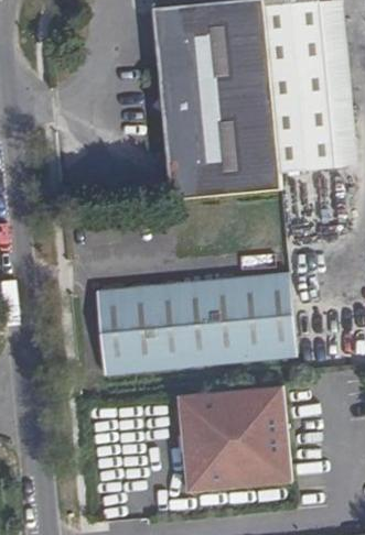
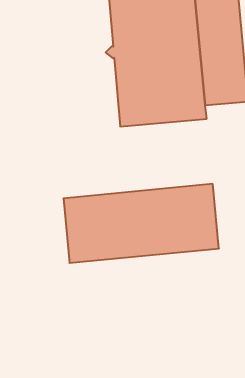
building: [179,384,291,491] -> none

